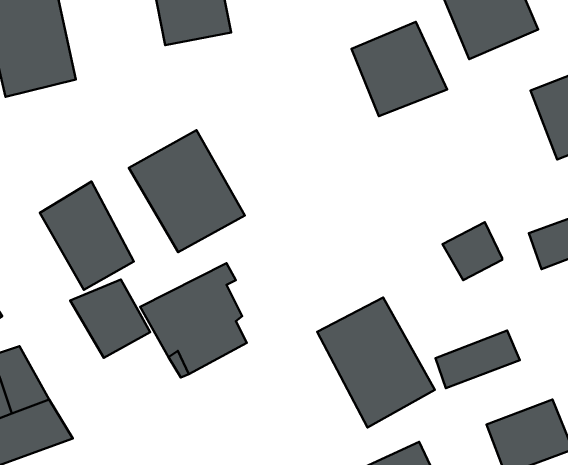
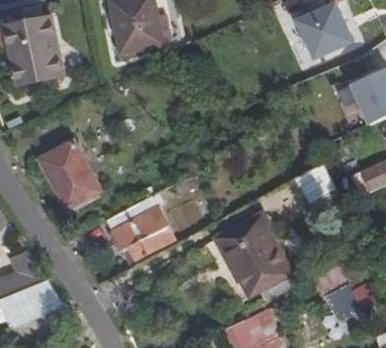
building: [351,22,447,116] -> none
building: [129,130,245,252] -> none
building: [70,280,150,358] -> none
building: [436,330,520,388] -> none

